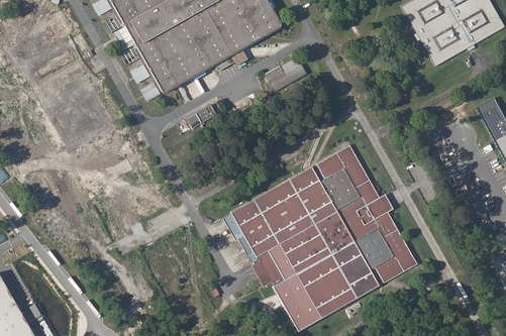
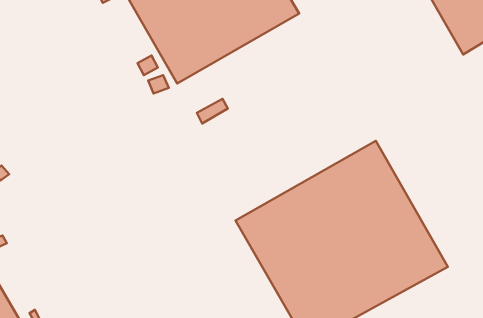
building: [264,55,306,92] -> none

